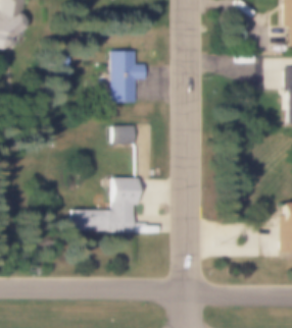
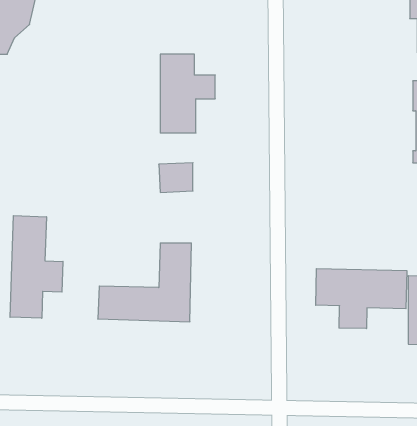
building: none -> [10,216,63,318]
building: none -> [316,269,407,329]

